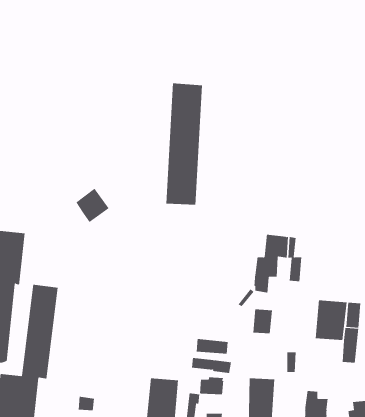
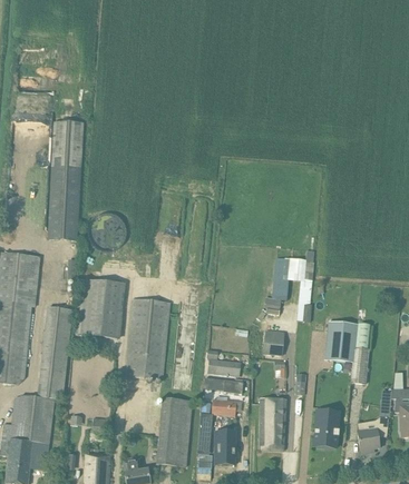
building: [165,83,203,205] -> [48,119,85,239]
building: none -> [76,278,123,337]
building: none -> [126,297,171,378]

